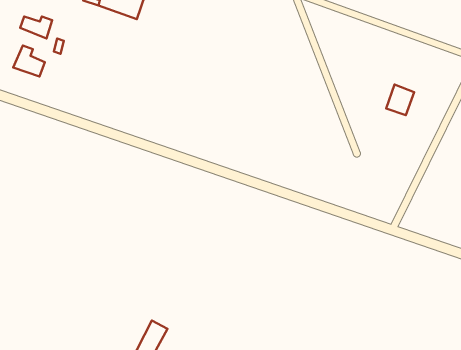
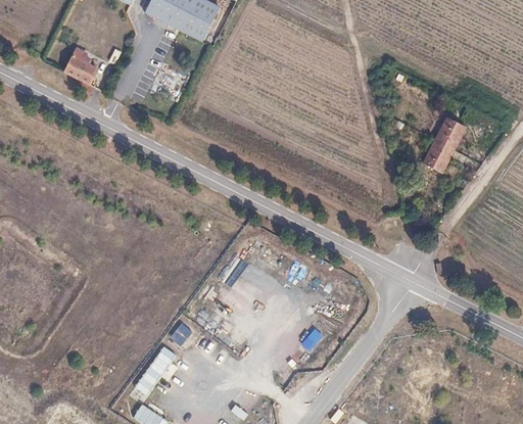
building: [20,17,52,38] -> none
building: none -> [437,117,467,148]

